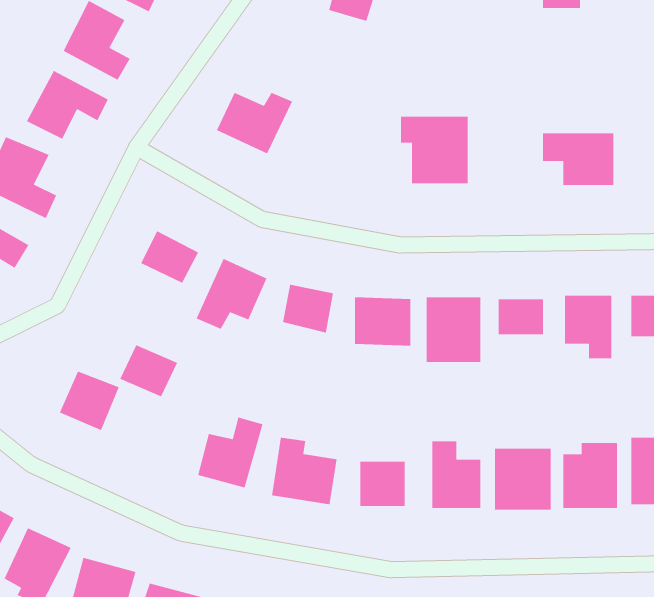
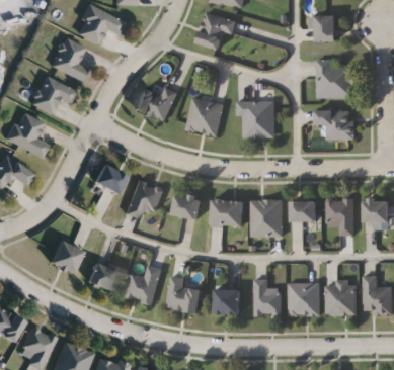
building: none -> [317,60,353,98]
building: none -> [187,98,223,135]
building: [119,344,178,398] -> [87,262,120,291]

